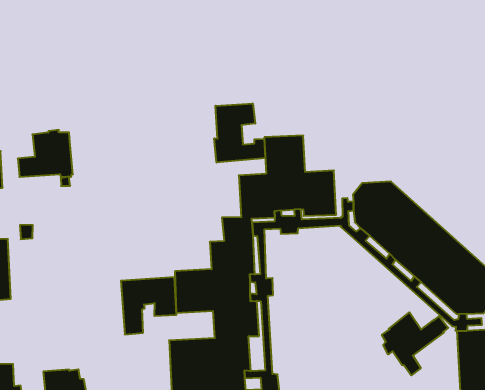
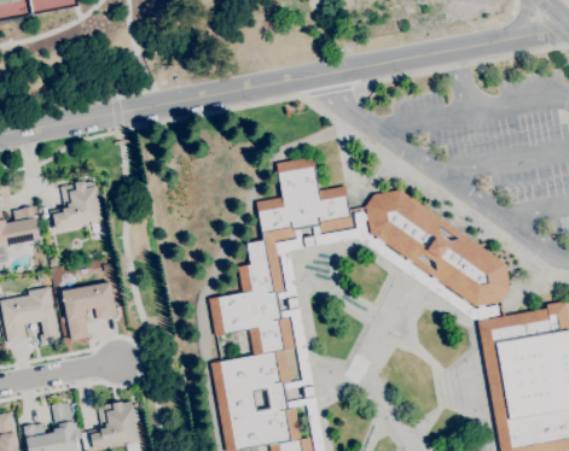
building: [214,103,265,163] -> none
building: [121,277,176,334] -> [62,281,117,340]
building: [382,312,448,375] -> none

